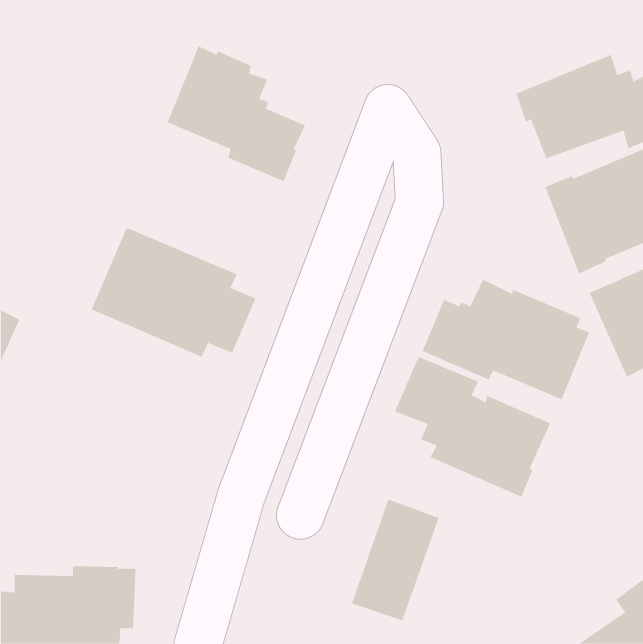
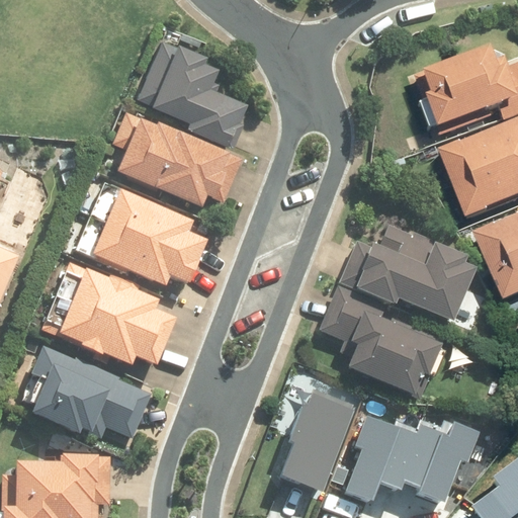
building: none -> [111,109,243,202]
building: none -> [40,261,175,365]
building: none -> [28,344,152,438]
building: none -> [346,419,480,508]

